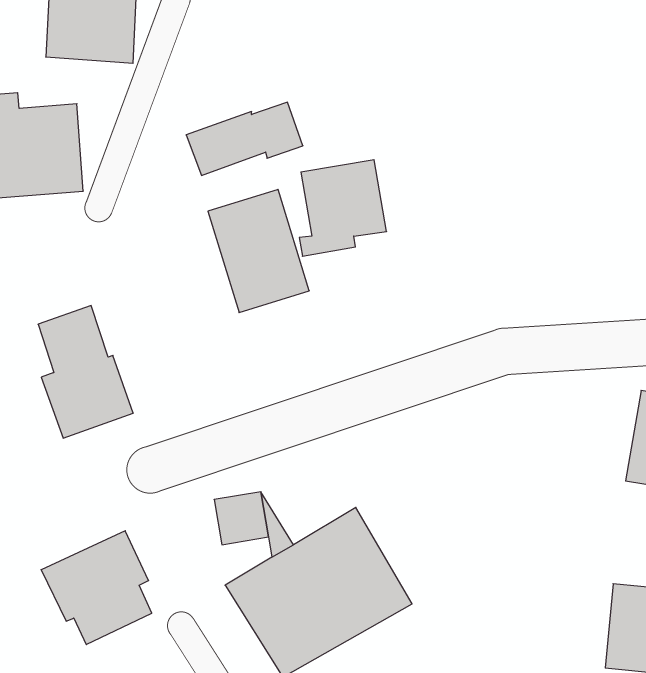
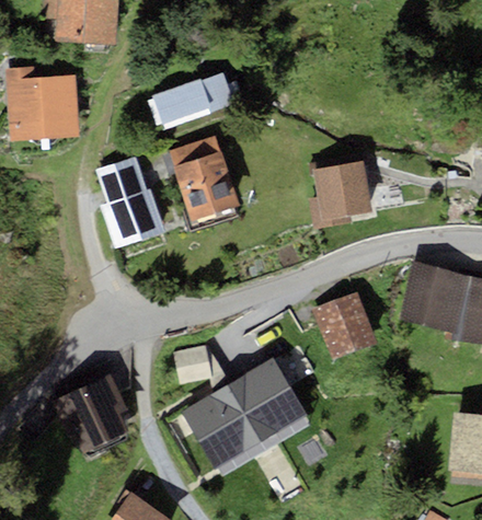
building: [299,160,387,256] -> [311,161,372,229]
building: [38,306,133,438] -> [97,155,164,249]
building: none -> [398,262,469,333]
building: none -> [312,291,377,360]

